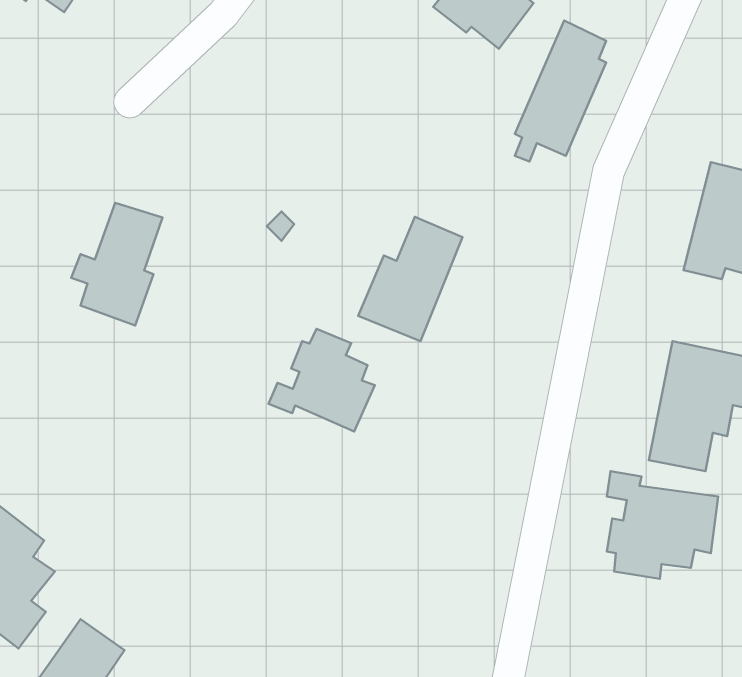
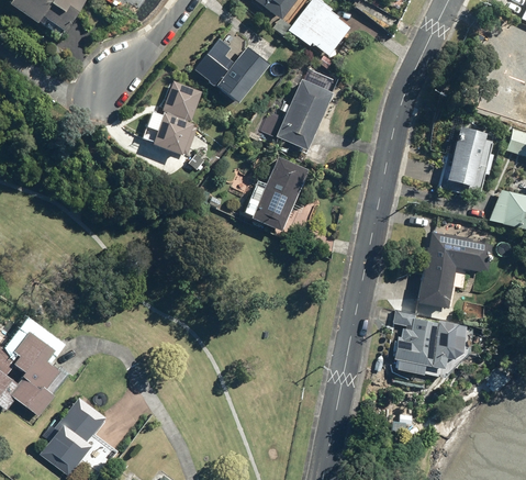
building: none -> [197,37,268,102]
building: [515,21,606,161] -> [278,68,333,153]
building: [71,203,163,325] -> [148,81,203,155]
building: [268,329,375,431] -> none

